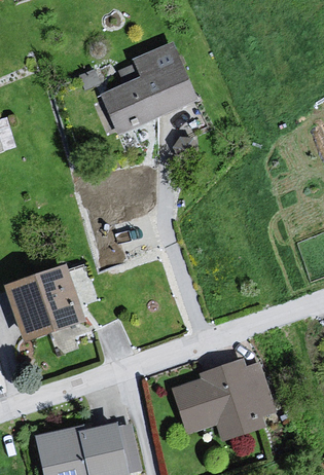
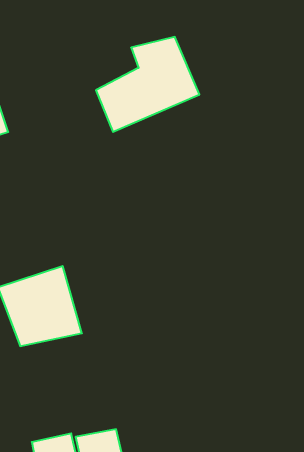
building: [172,358,272,440] -> none

